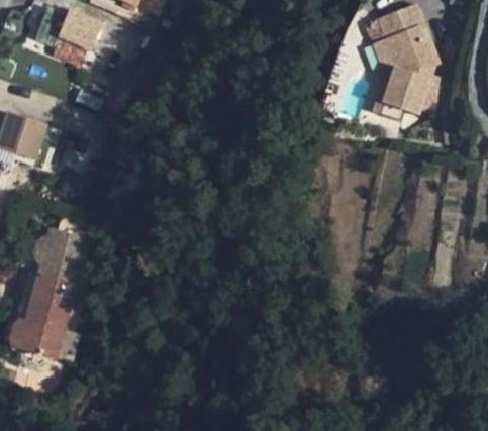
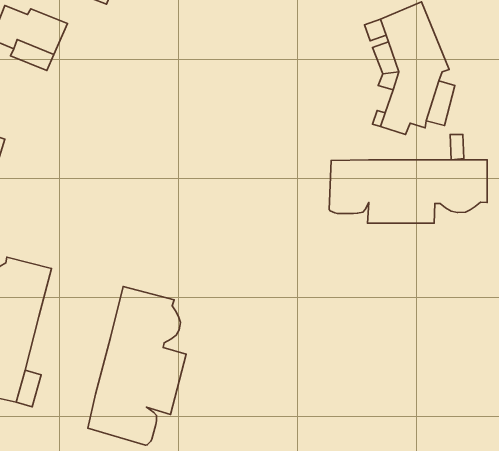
building: none -> [329,160,487,223]
building: none -> [88,287,186,445]

